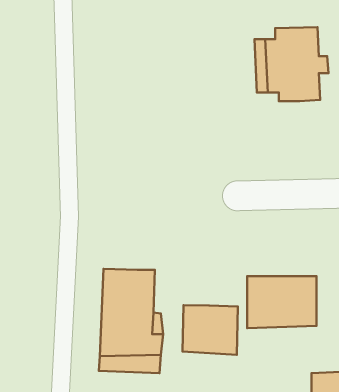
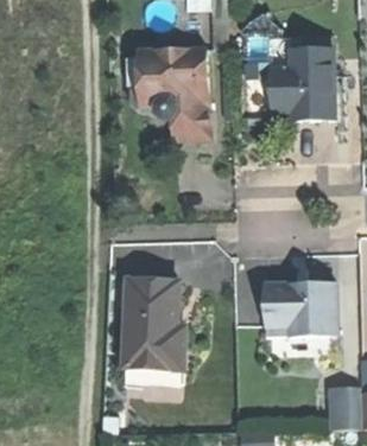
building: none -> [138,46,208,134]
building: [182,305,238,355] -> none

